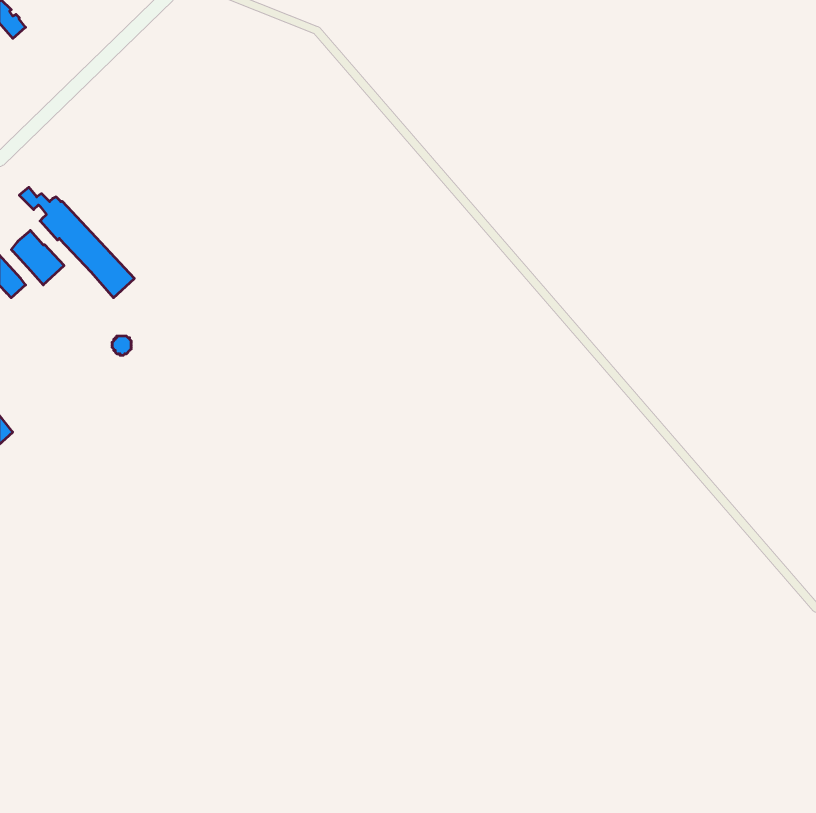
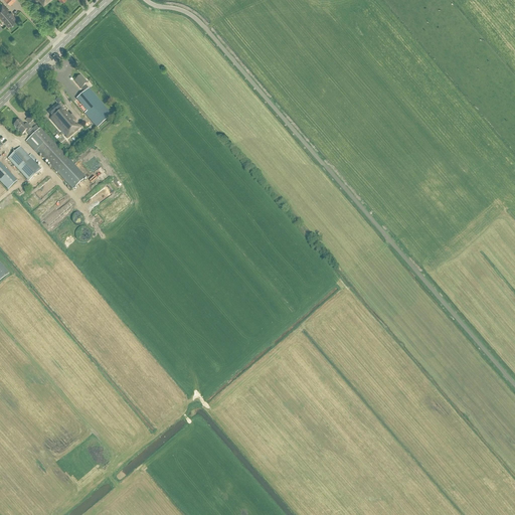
building: none -> [73,73,111,126]
building: none -> [47,102,79,136]

